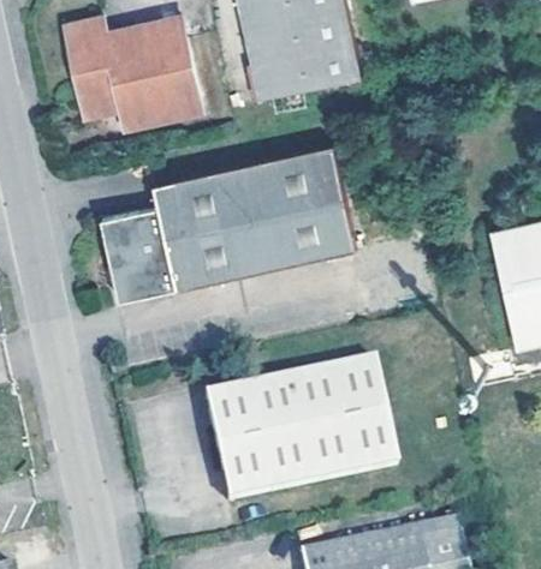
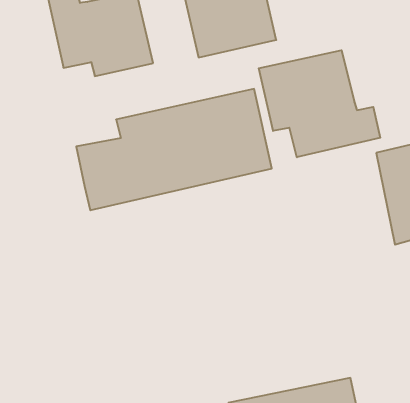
building: none -> [259,50,380,157]
building: [201,358,396,503] -> none

